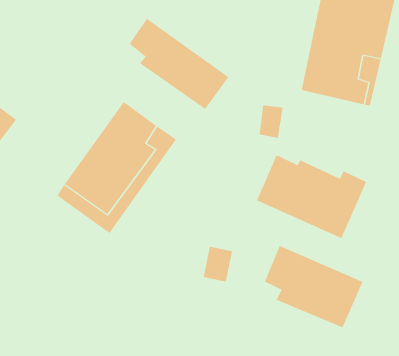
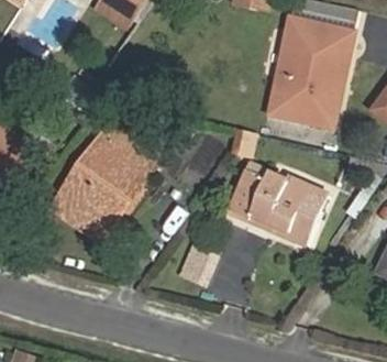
building: [129,18,229,110] -> none
building: [264,245,363,328] -> none

